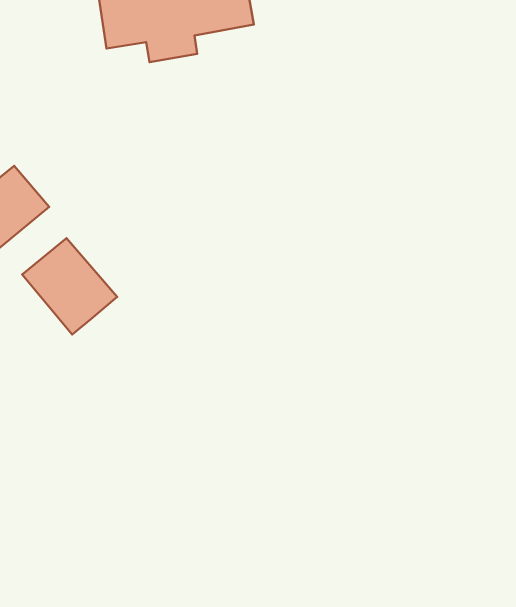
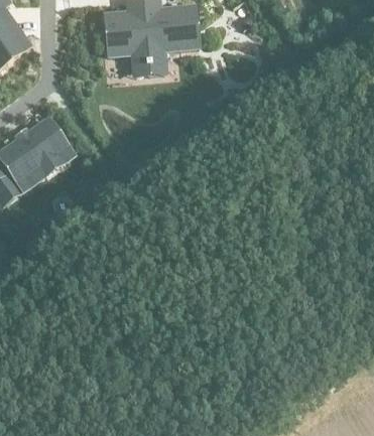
building: [22,238,117,335] -> none

